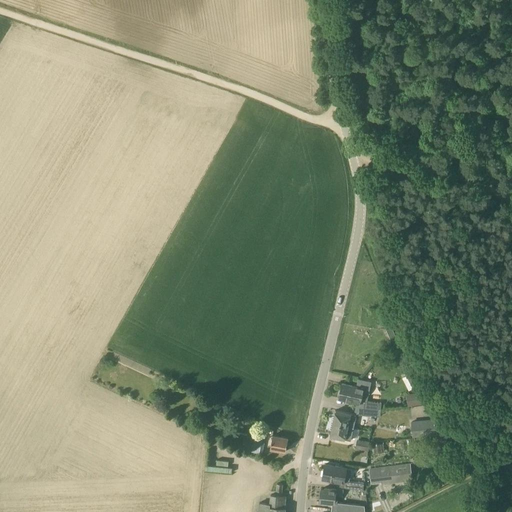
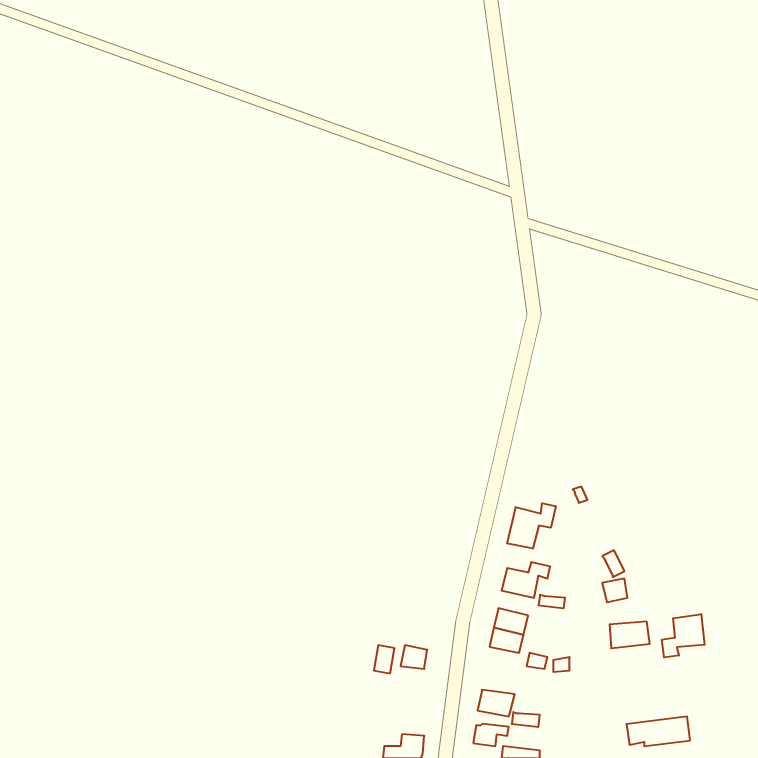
building: none -> [507,503,556,549]
building: none -> [662,614,705,658]
building: [369,464,412,484] -> [626,717,690,746]

